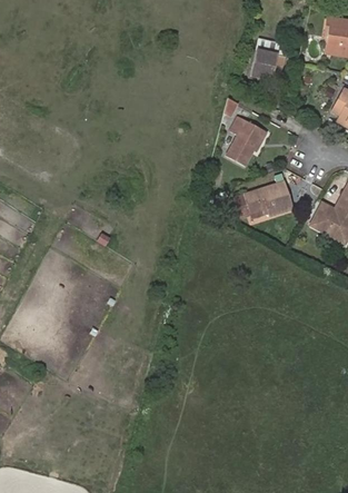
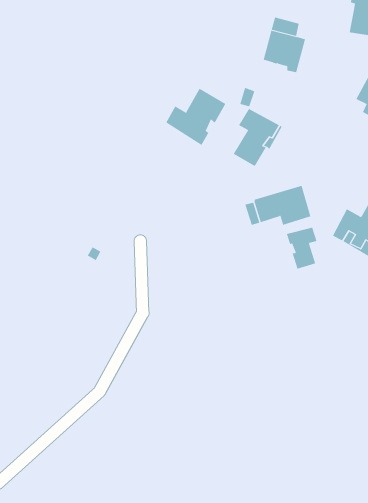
building: none -> [165,88,226,146]
building: none -> [286,227,317,269]

